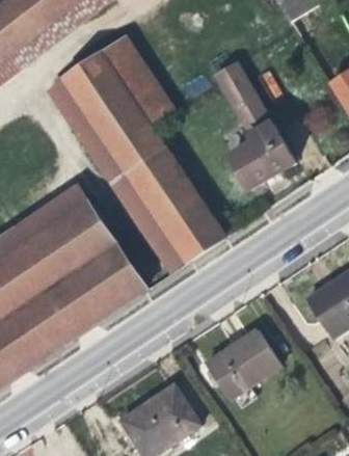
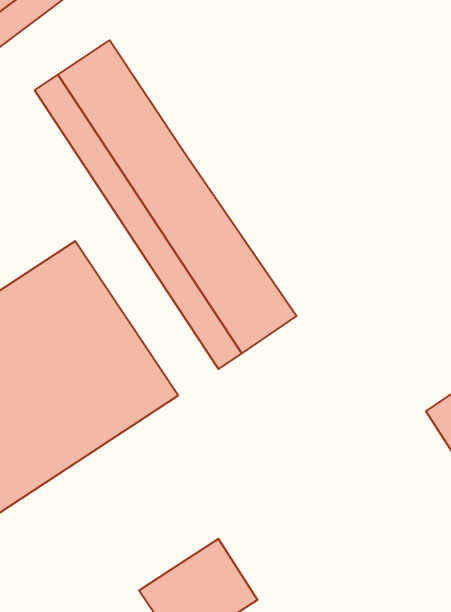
building: [100,36,173,128] -> none
building: [210,60,293,187] -> none
building: [210,330,284,399] -> none

